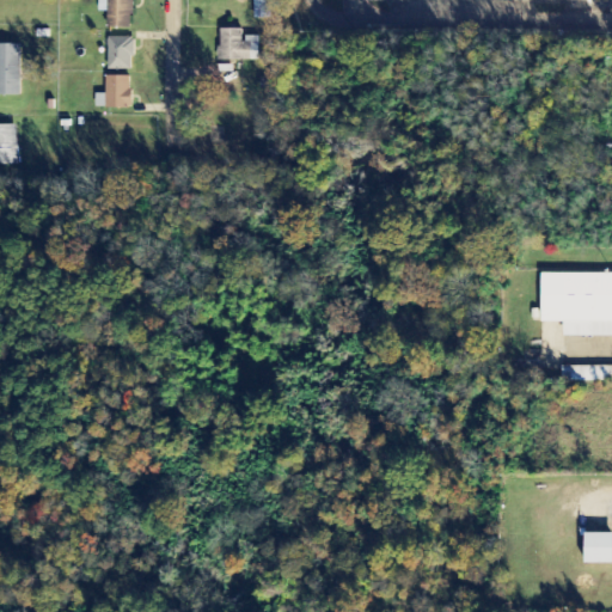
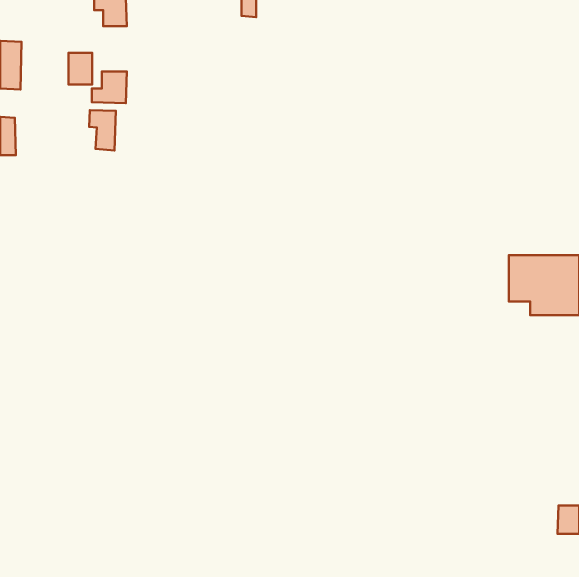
building: [218,27,261,60] -> none
building: [109,36,134,69] -> [68,53,92,85]
building: none -> [89,110,116,150]

